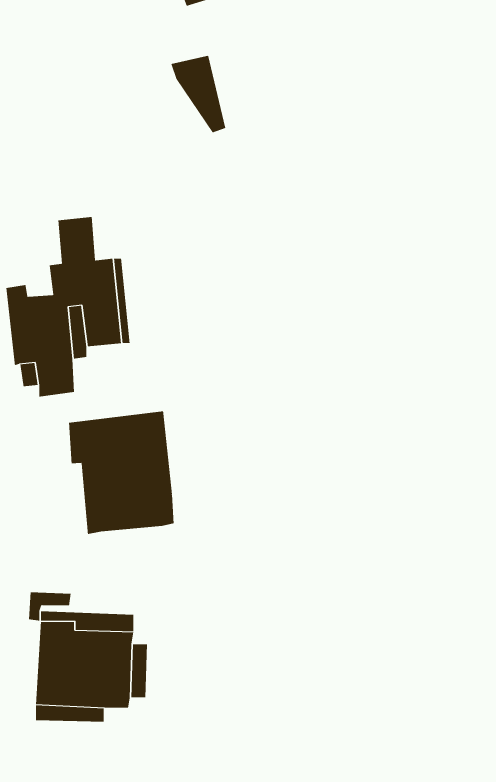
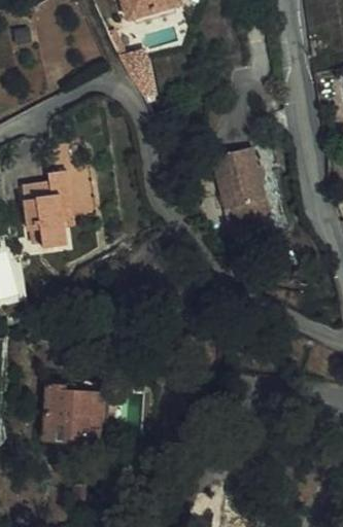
building: none -> [213,144,265,217]
building: [69,411,174,535] -> none

